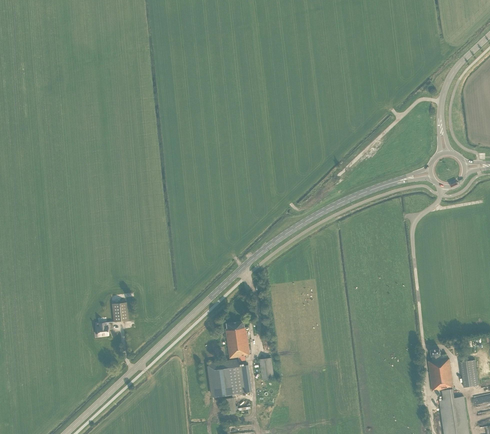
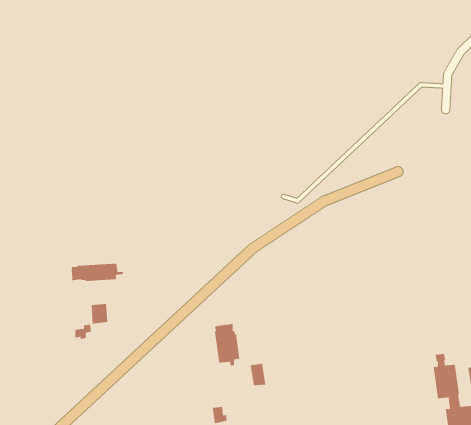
building: none -> [71,263,123,282]
building: [207,359,252,397] -> none

